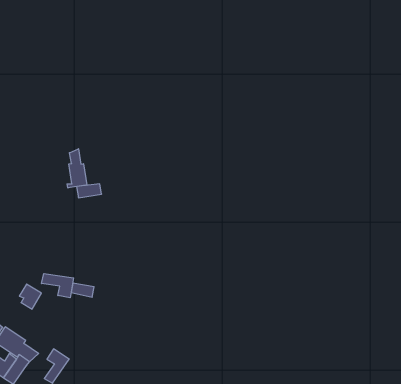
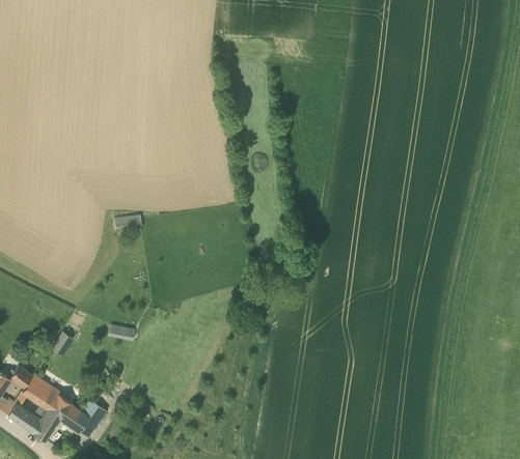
building: [67,149,87,188] -> none
building: [42,274,74,298] -> none
building: none -> [57,404,88,432]

